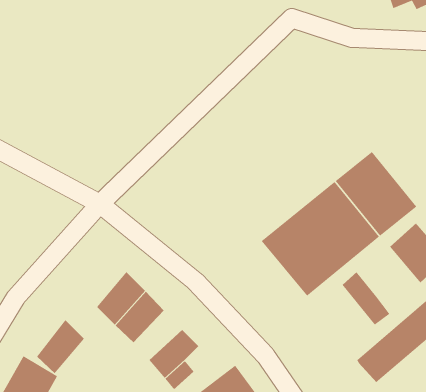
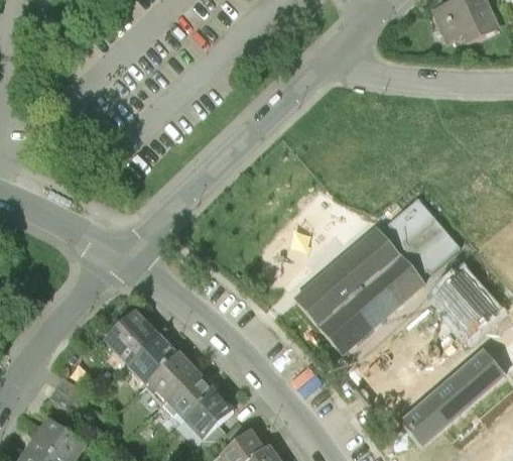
building: [342,272,390,325] -> none
building: none -> [159,367,212,421]
building: [36,319,85,374] -> [99,304,151,363]

